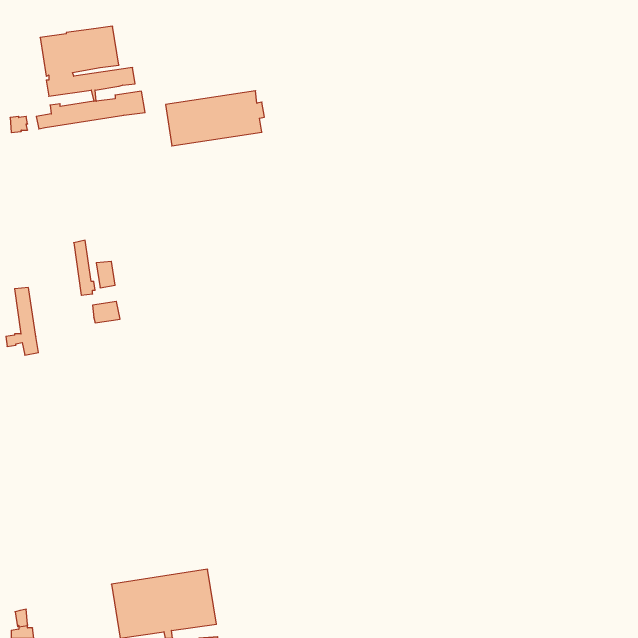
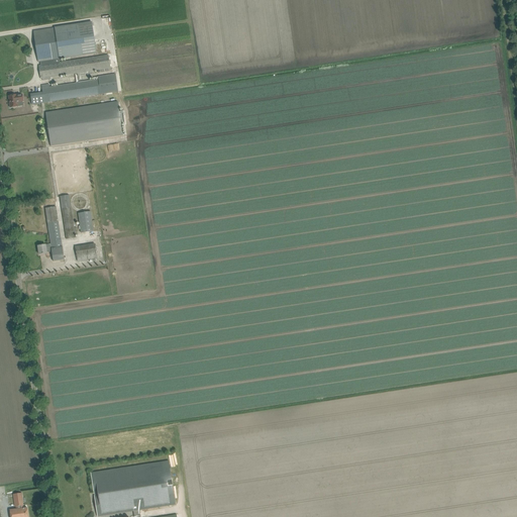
building: [166,91,264,146] -> [44,101,124,145]
building: [6,288,38,355] -> [37,206,64,261]

